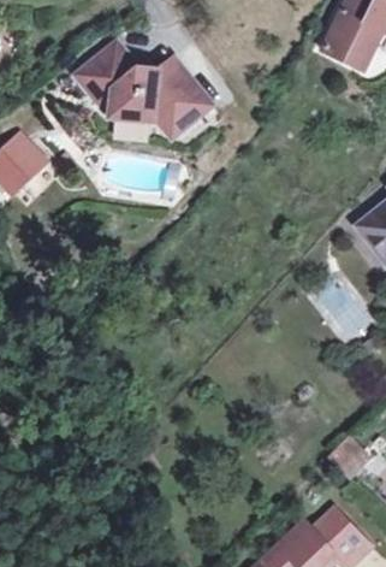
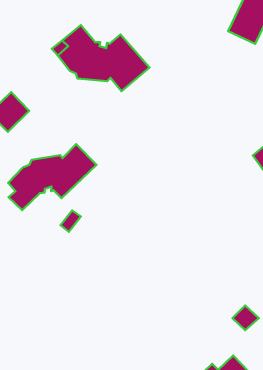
building: none -> [8,144,97,210]

